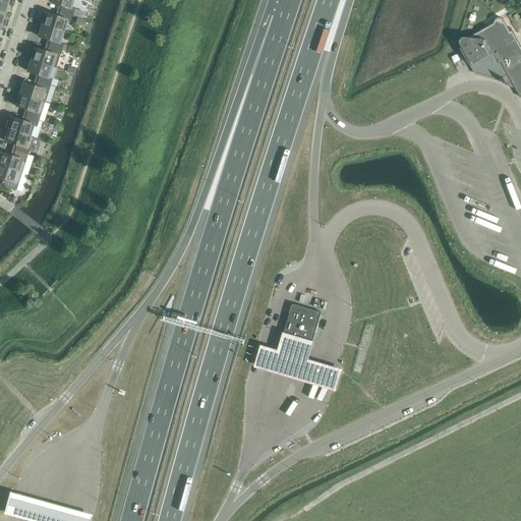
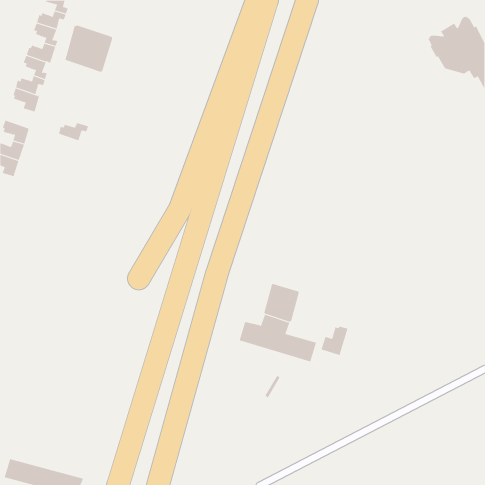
building: none -> [64,24,113,72]
building: [5,117,38,138] -> [58,122,89,142]
building: none -> [321,326,348,356]

